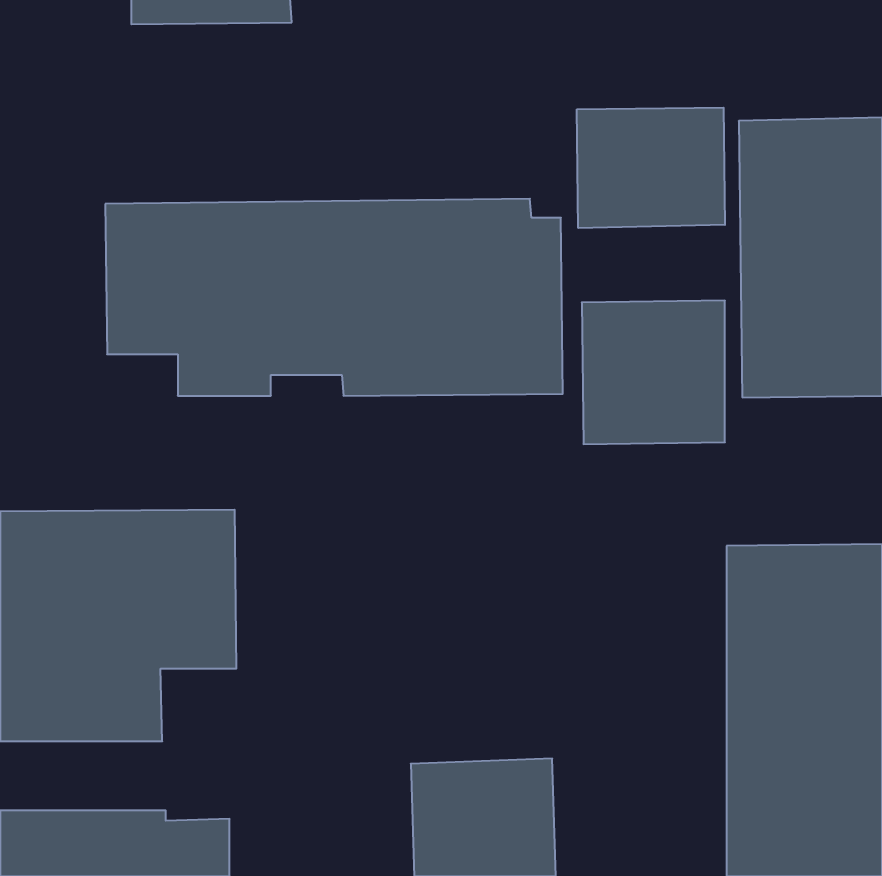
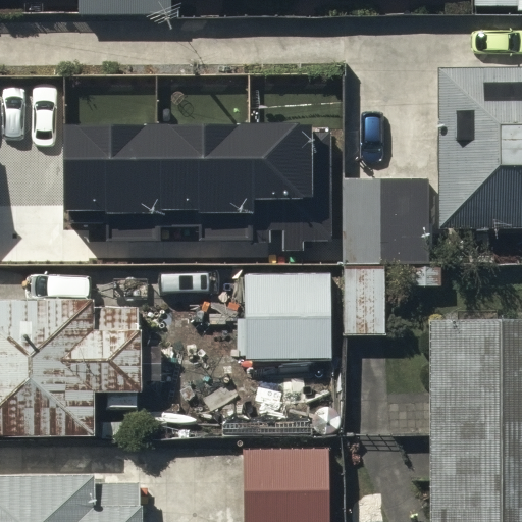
building: [577,108,725,228] -> none
building: none -> [244,273,332,362]

